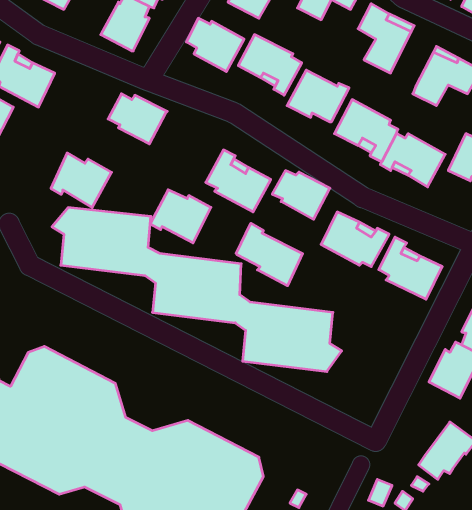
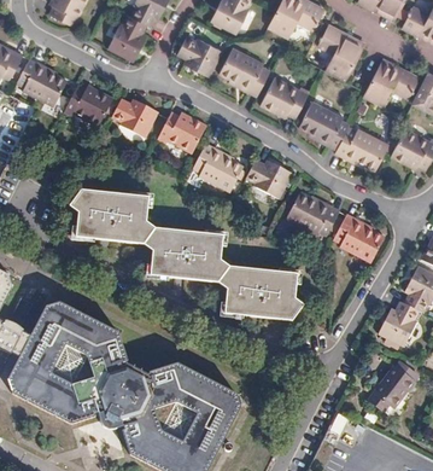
building: [51,153,112,208] -> [68,81,117,126]
building: [150,190,211,243] -> [159,110,209,153]
building: [236,223,303,286] -> none

